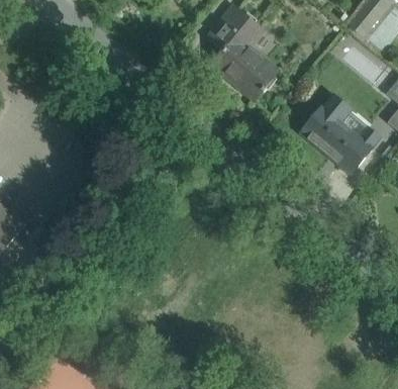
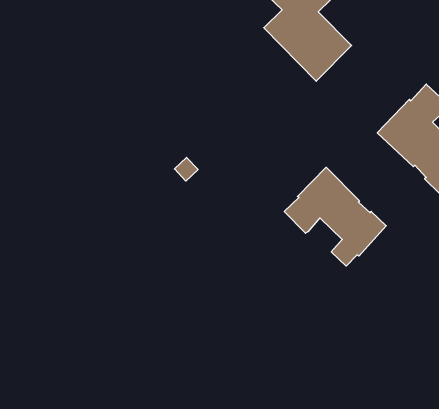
building: none -> [284,167,386,266]

